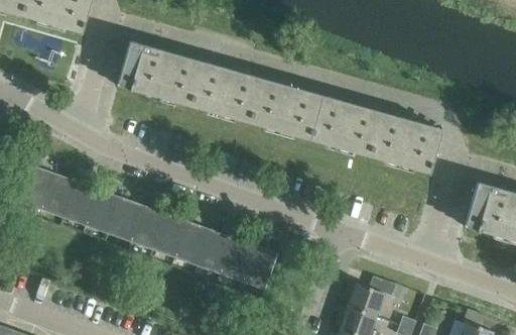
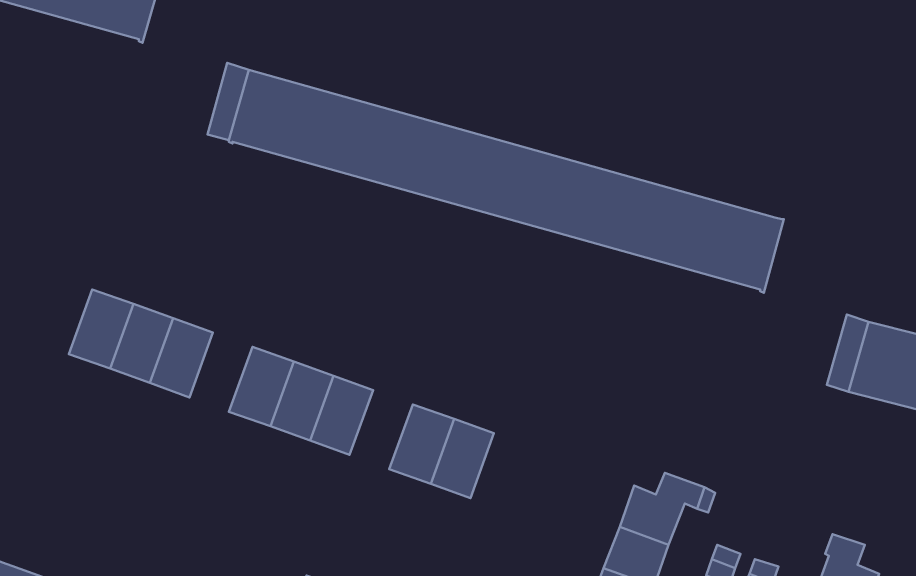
building: [18,164,53,209] -> none
building: [108,197,143,241] -> none
building: [198,229,233,273] -> none

